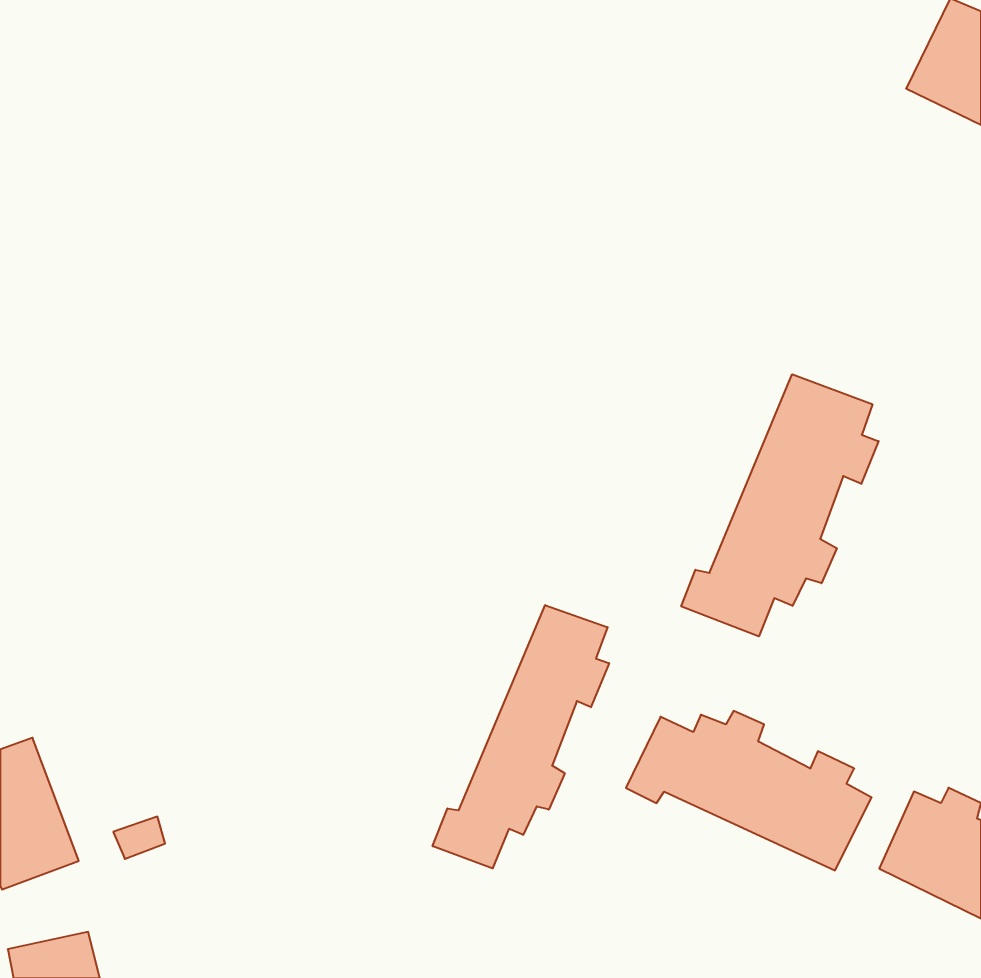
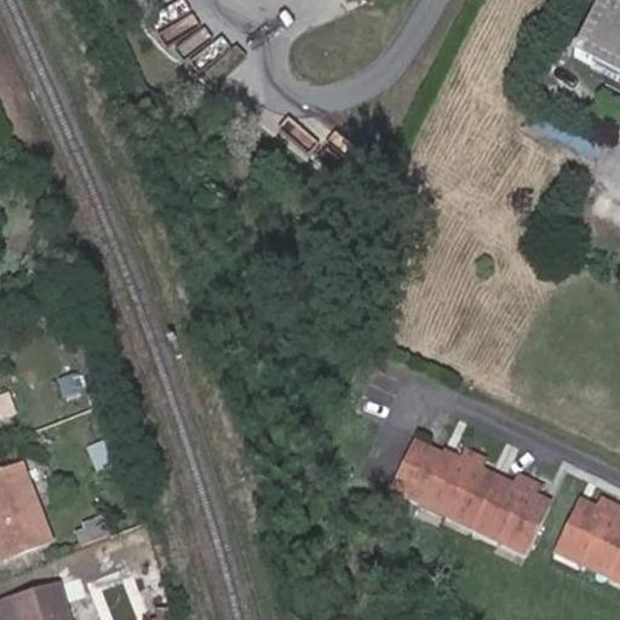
building: [681,374,879,636] -> none
building: [433,605,609,868] -> none

